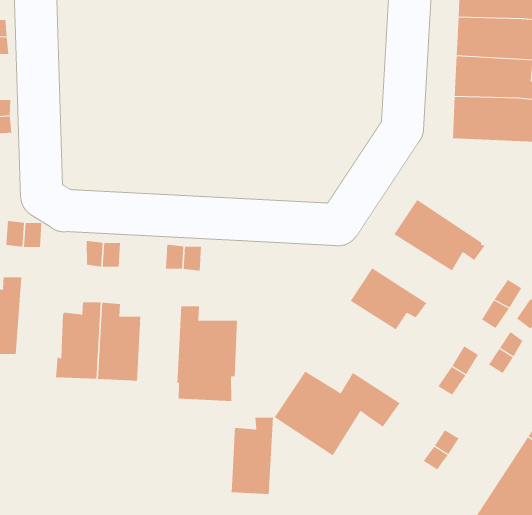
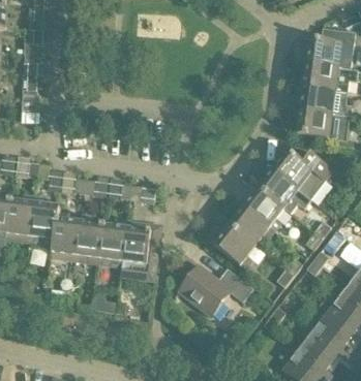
building: none -> [272,148,331,197]
building: none -> [242,188,282,230]
building: none -> [28,195,59,245]
building: none -> [213,225,253,268]
building: [231,417,274,495] -> [98,219,127,265]

